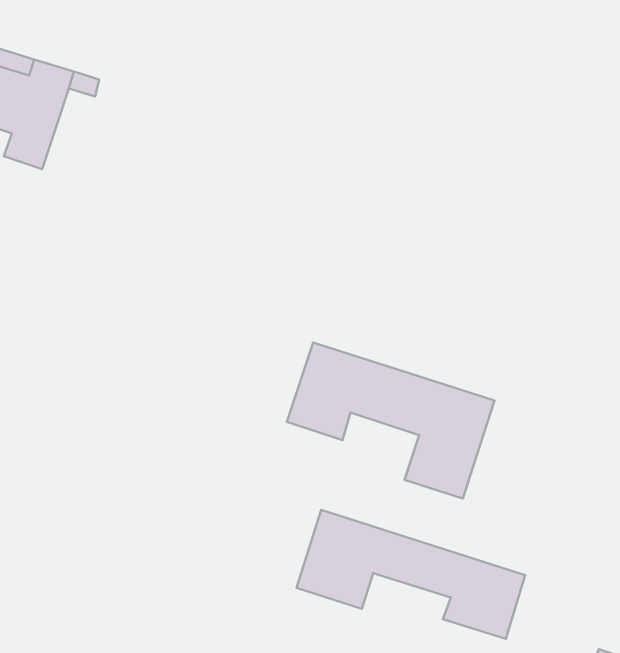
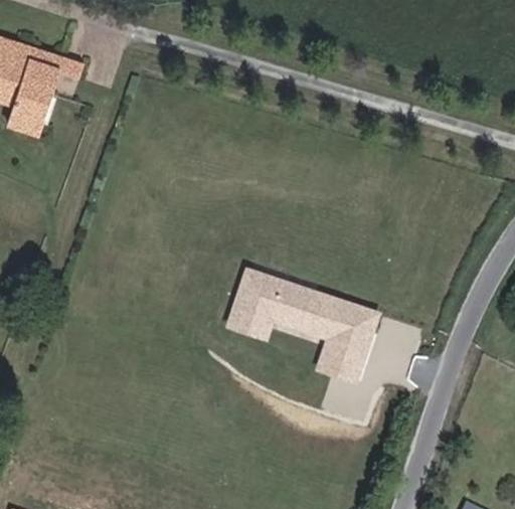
building: [297,510,525,639] -> none

